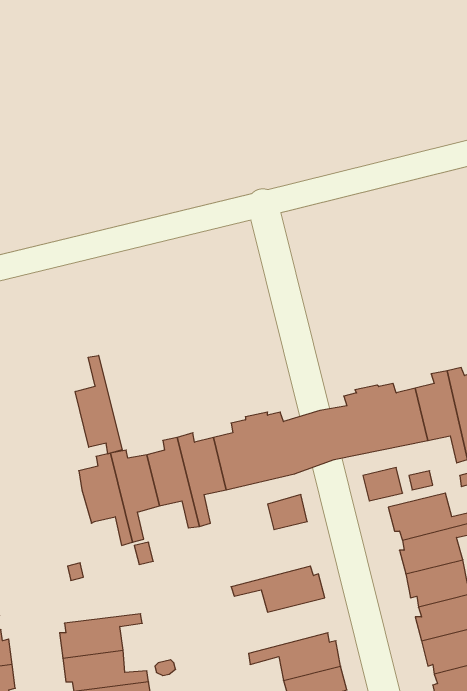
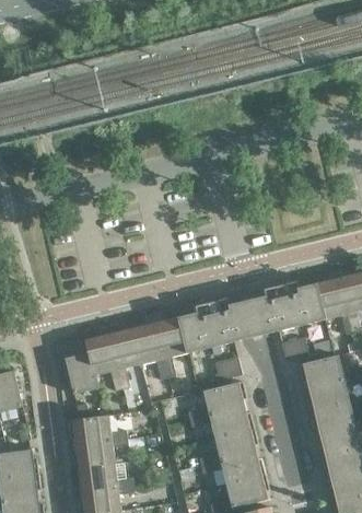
building: [75,355,122,454] -> none
building: none -> [65,354,98,395]
building: none -> [187,382,246,421]
building: none -> [67,417,127,446]
building: none -> [199,429,258,467]

